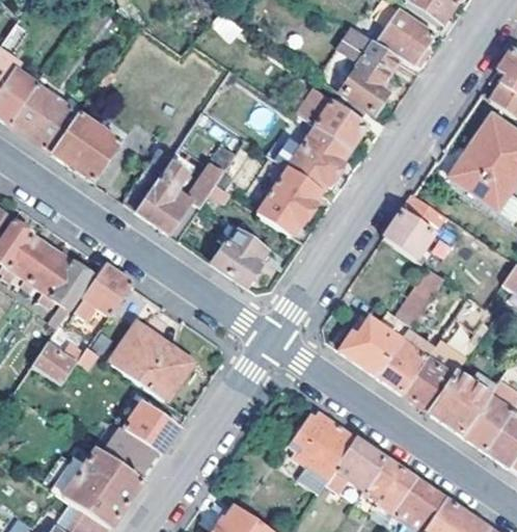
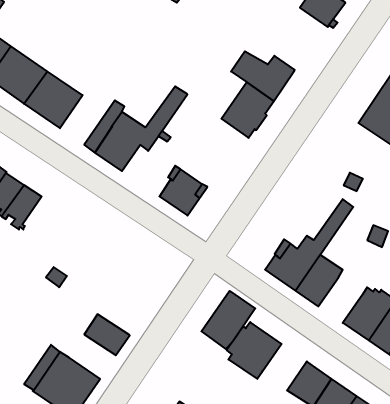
building: [317,36,399,111] -> none
building: [257,169,319,234] -> none
building: [384,193,444,262] -> none
building: [50,261,93,324] -> none
building: [73,265,133,321] -> none
building: [111,324,190,399] -> none
building: [32,342,76,383] -> none
building: [402,358,455,413] -> none
building: none -> [201,291,255,349]
building: [105,426,161,479] -> none
building: [335,437,388,491] -> none

